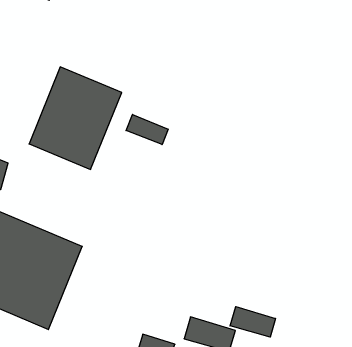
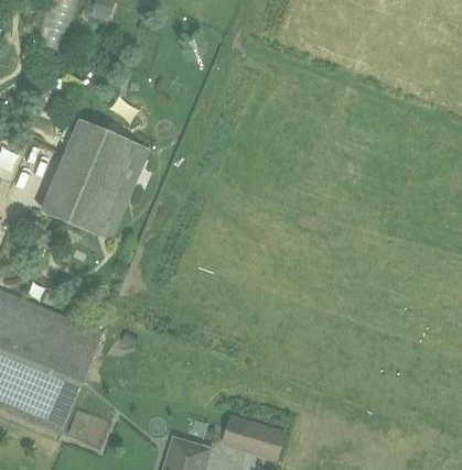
building: [126,114,168,145] -> none
building: [230,307,275,337] -> none

